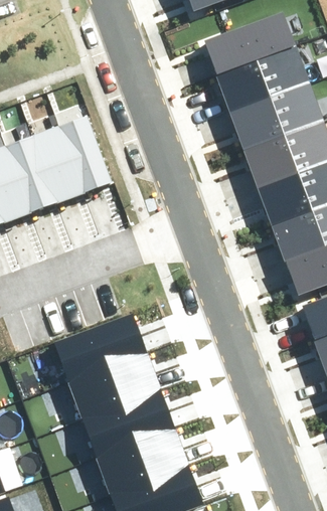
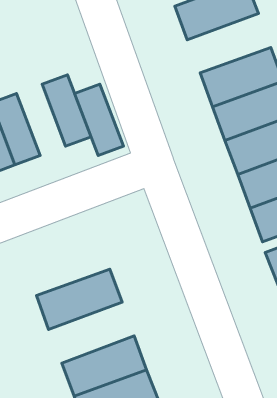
building: [217,49,307,113] -> none
building: [35,125,88,201] -> [75,84,124,155]
building: [69,358,161,423] -> none

